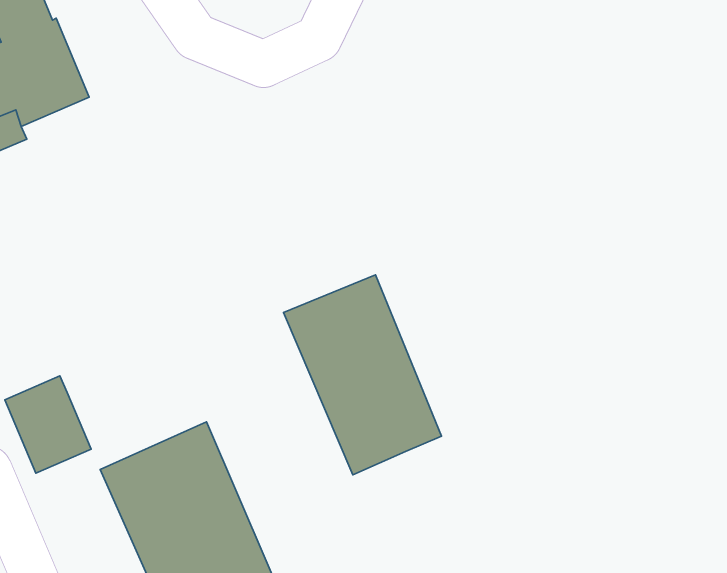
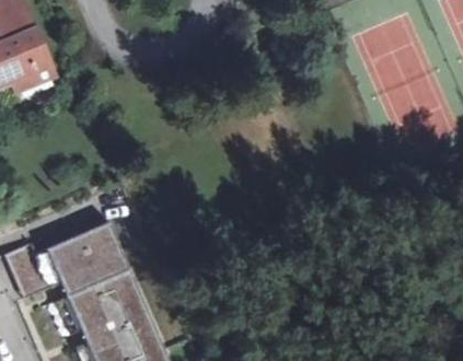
building: [283,275,442,475] -> none
building: none -> [45,221,128,295]

